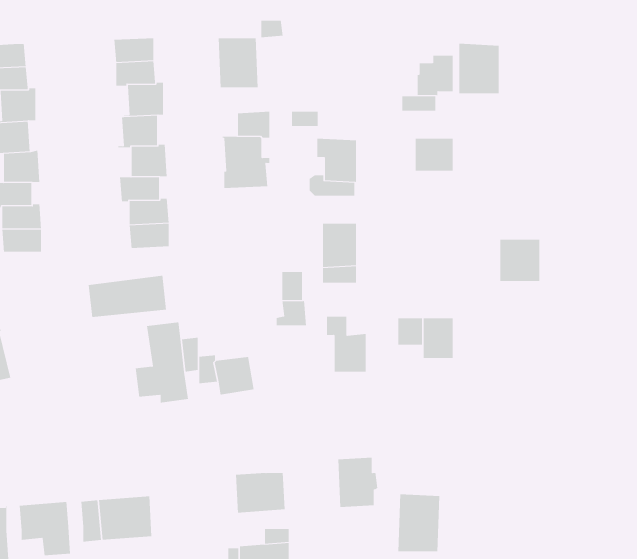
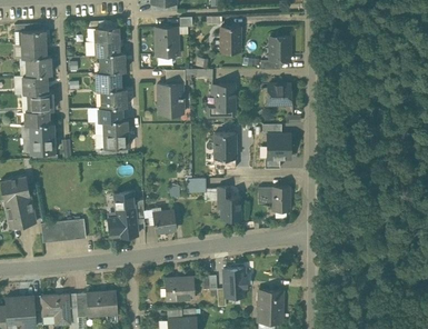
building: none -> [221,27,240,51]
building: [459,43,499,94] -> none
building: [500,239,540,282] -> [267,134,290,159]
building: [88,275,167,318] -> [40,218,86,242]

